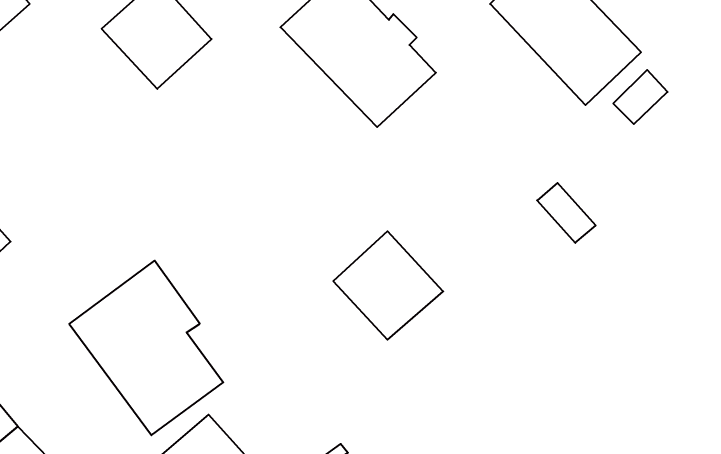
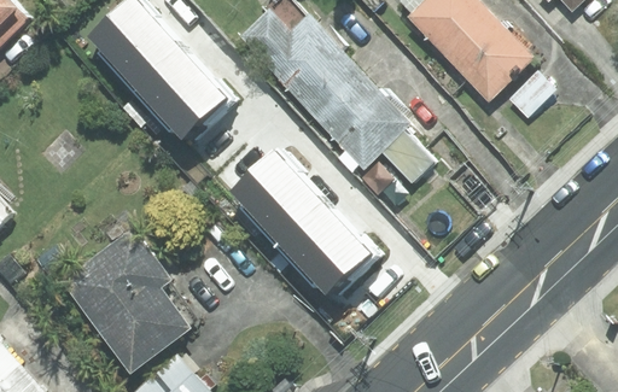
building: none -> [134,46,229,141]
building: none -> [315,74,433,182]
building: none -> [229,152,323,245]

